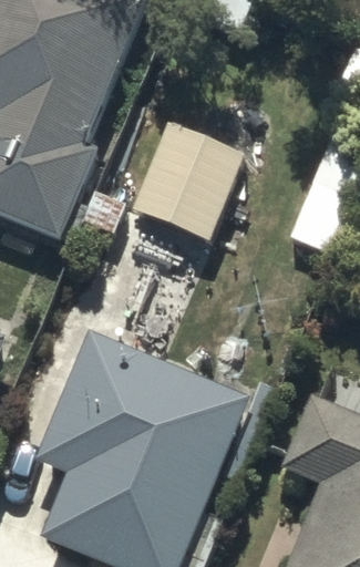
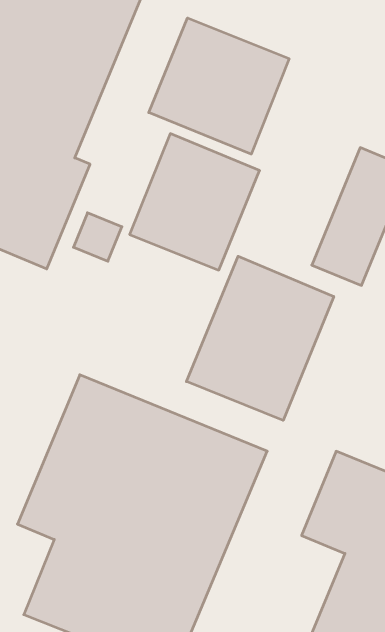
building: none -> [149,18,289,154]
building: none -> [186,256,334,420]

